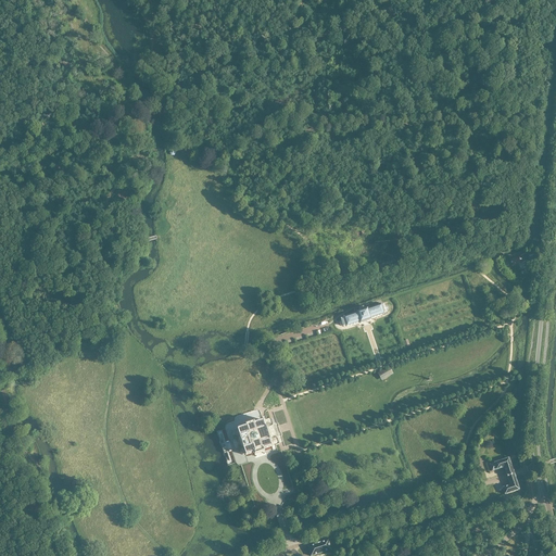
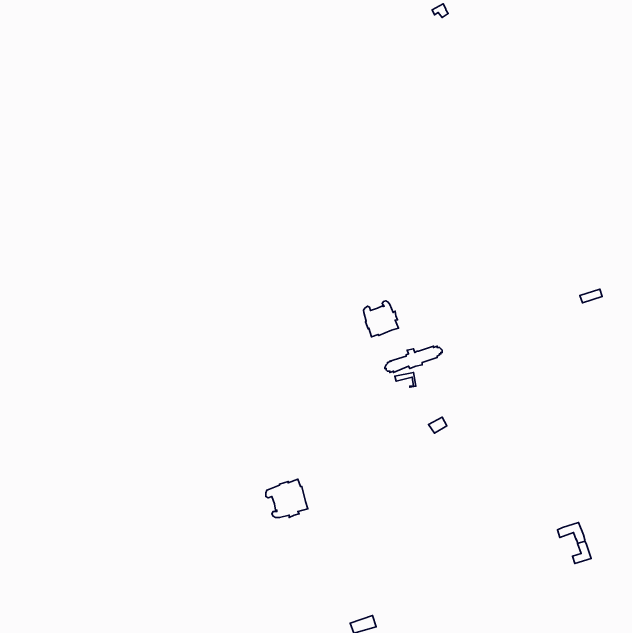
building: none -> [363,301,398,337]

